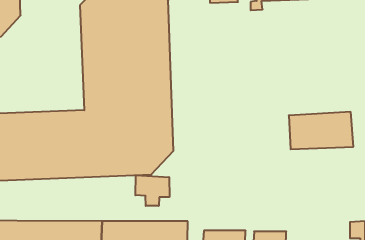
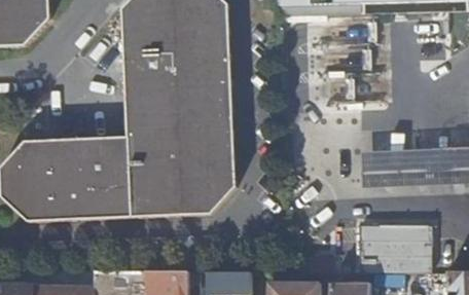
building: [135,175,169,206] -> none
building: none -> [356,228,435,271]

